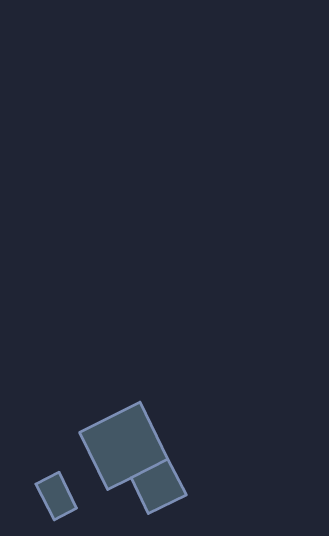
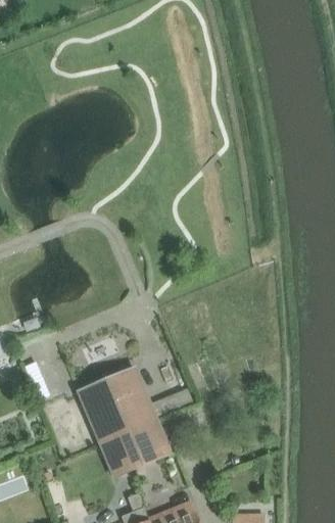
building: [36,472,77,520] -> [100,434,135,476]

